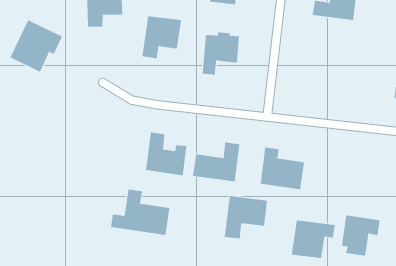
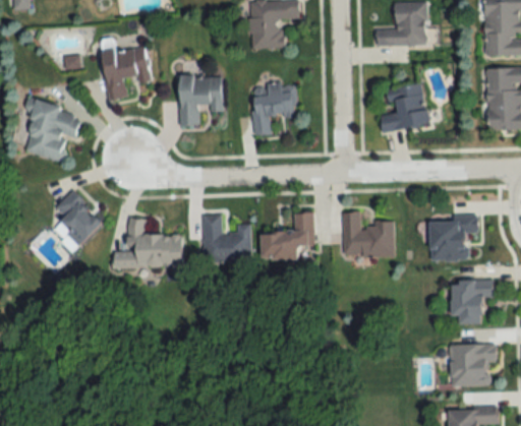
building: none -> [380,83,428,132]
building: none -> [55,190,102,243]
building: [110,189,170,235] -> [113,218,181,266]
building: [224,195,267,239] -> none
building: [291,220,335,259] -> [429,217,477,260]

